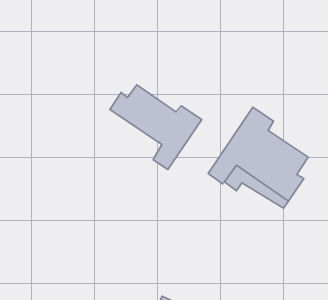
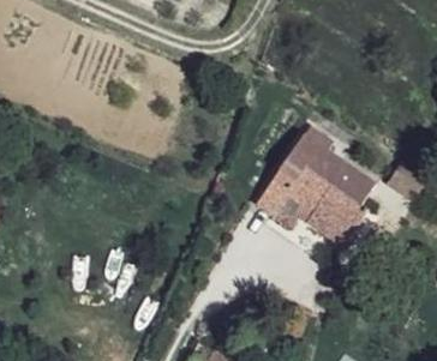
building: [110,85,202,170] -> none

